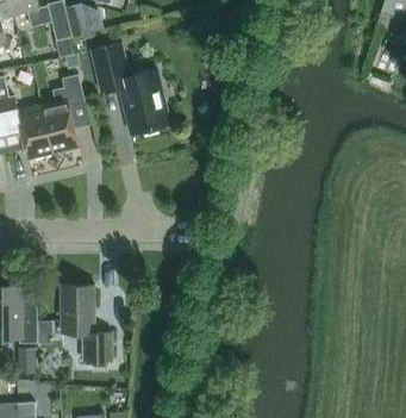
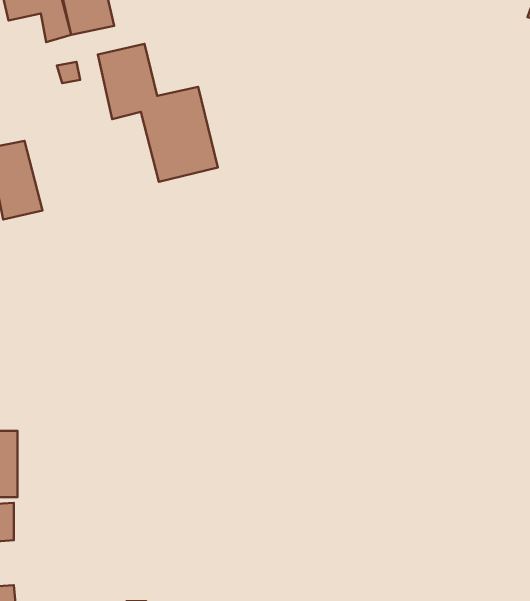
building: [40,75,83,154] -> none
building: [60,286,111,362] -> none

